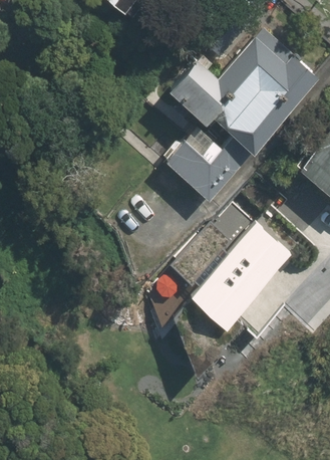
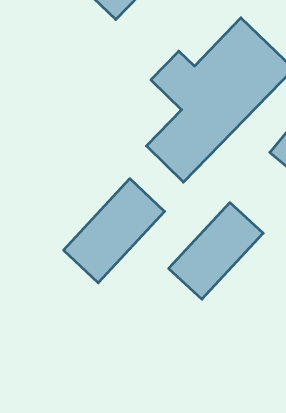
building: none -> [64,179,165,283]

